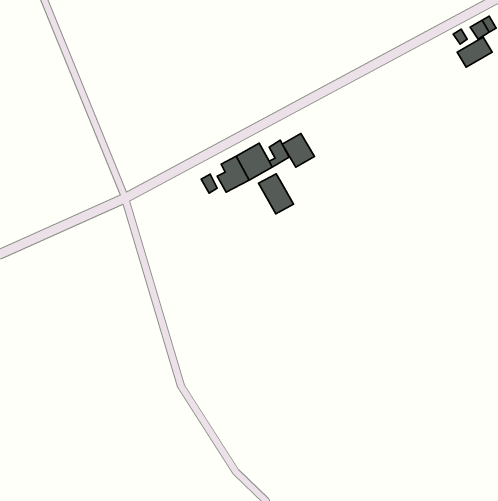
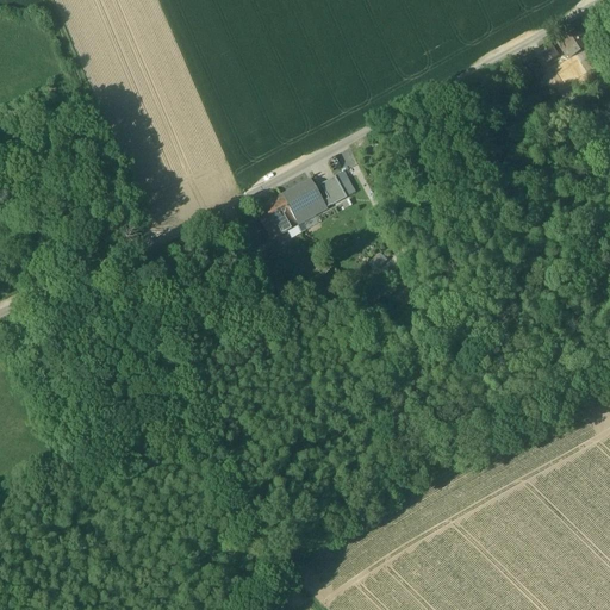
building: [282,133,314,167] -> none
building: [259,174,294,214] -> none

